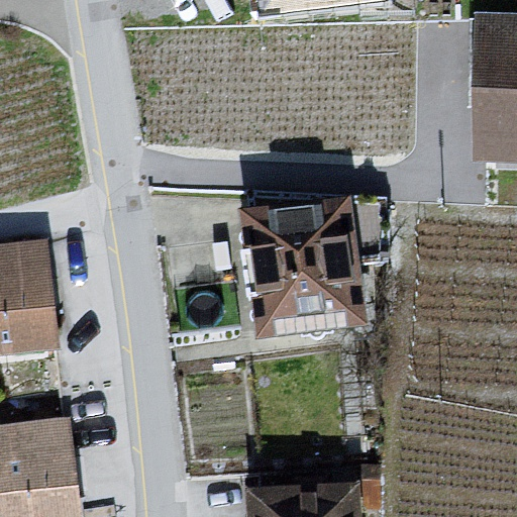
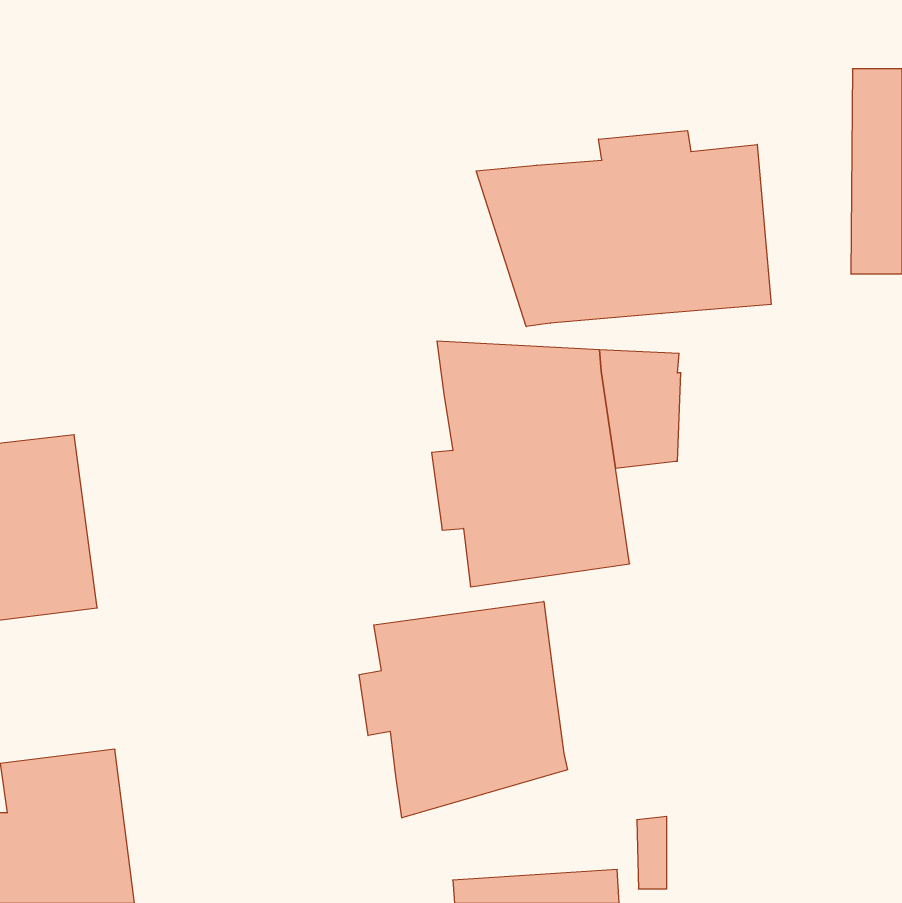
building: none -> [476,131,771,327]
building: none -> [359,601,567,818]

